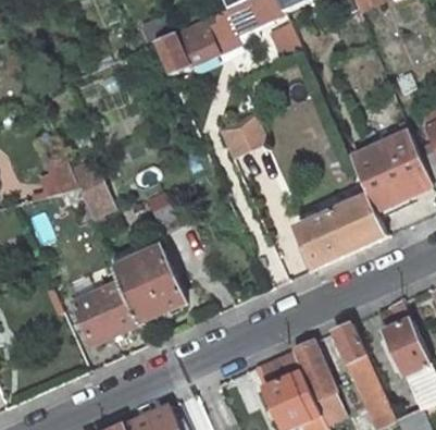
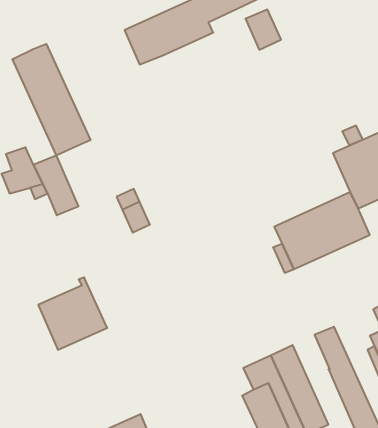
building: none -> [12,44,90,155]
building: [216,111,266,157] -> none
building: [113,247,185,323] -> none

